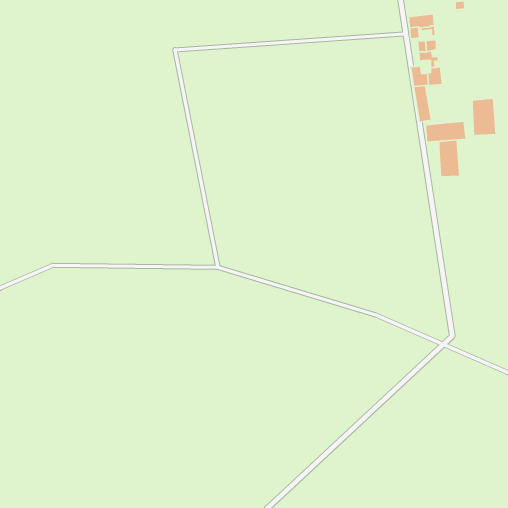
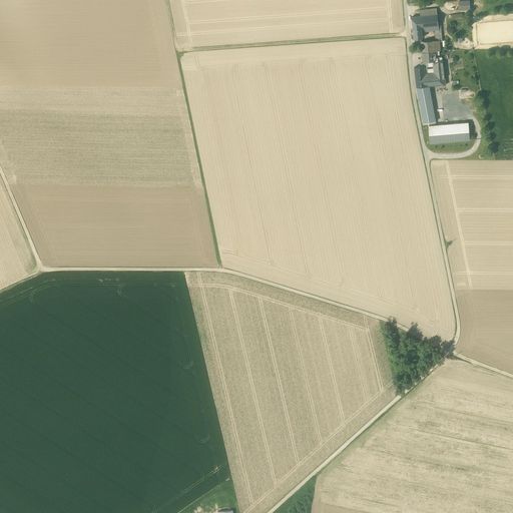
building: [472,98,496,136] -> none
building: [439,140,460,177] -> none

